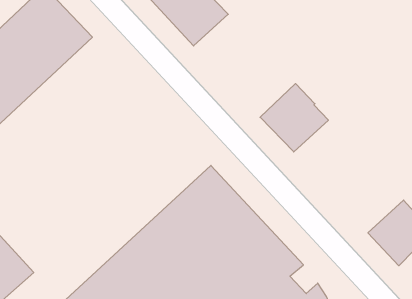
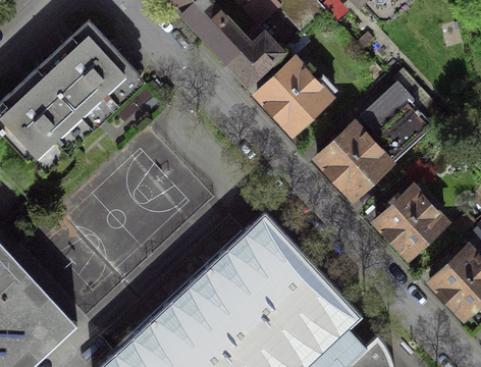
building: none -> [256,60,335,133]
building: none -> [360,83,443,165]
building: none -> [374,188,444,257]

